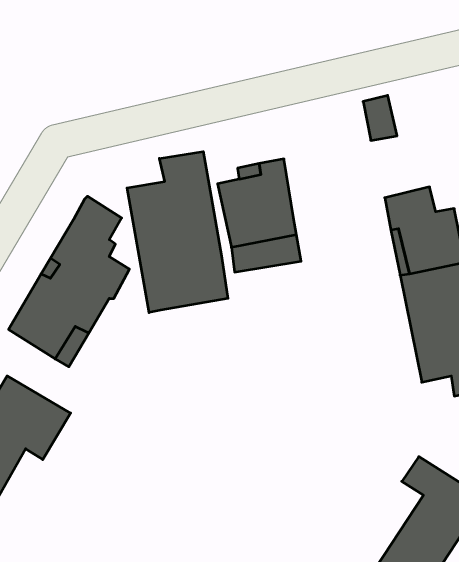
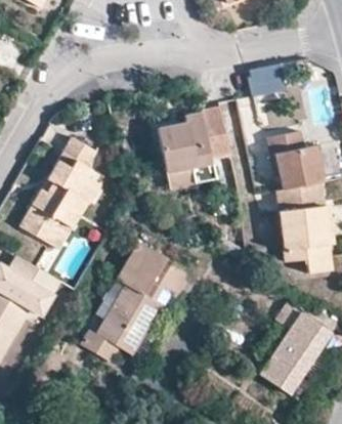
building: [127,152,228,313] -> none
building: none -> [202,109,229,152]
building: none -> [95,241,190,353]

